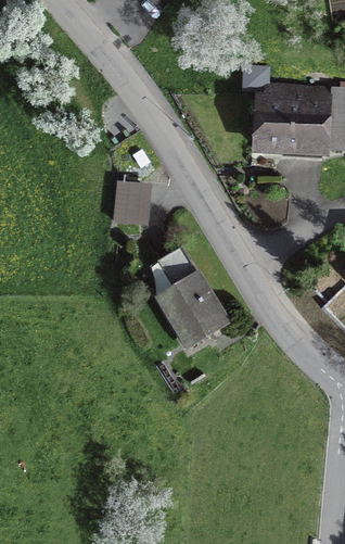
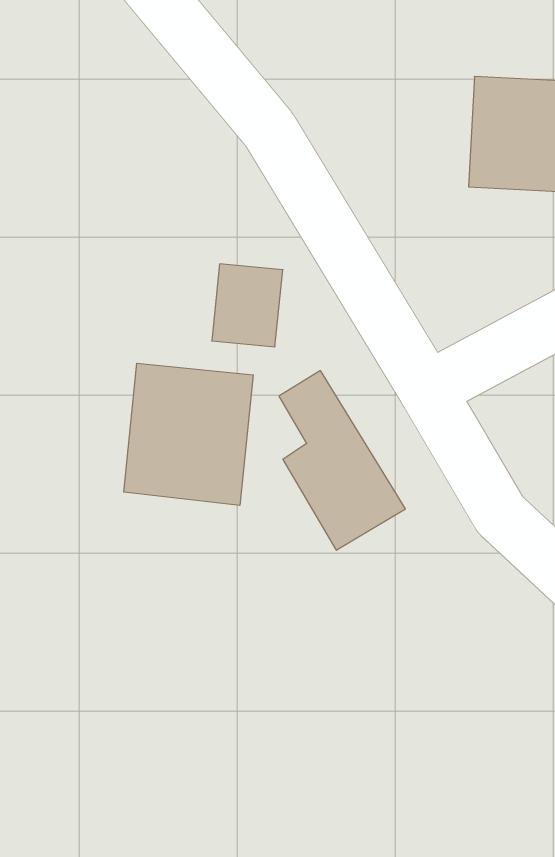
building: none -> [124,363,253,505]

